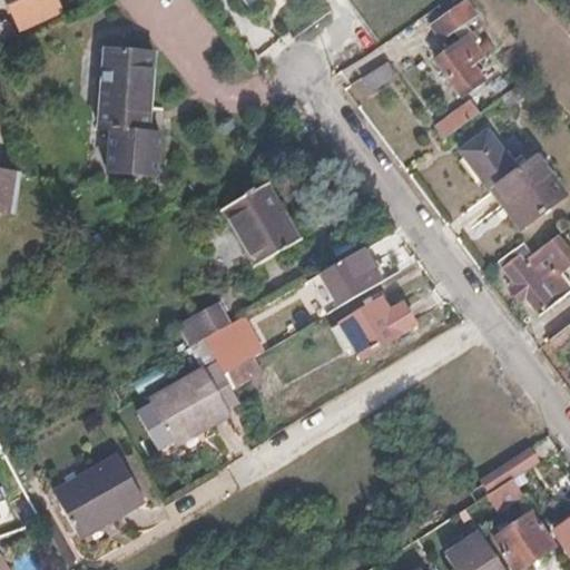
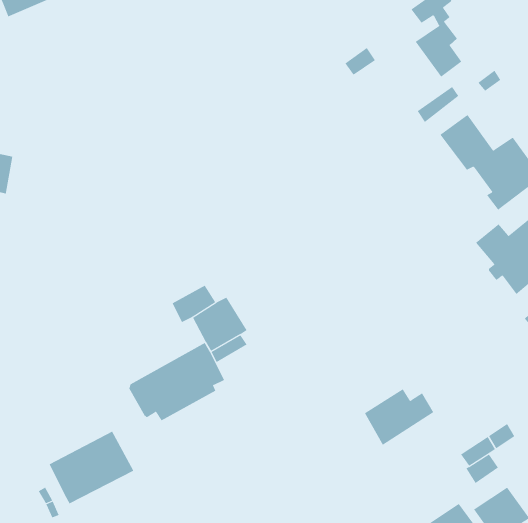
building: [100,50,160,176] -> none
building: [224,184,298,264] -> none
building: [308,247,382,313] -> none
building: [342,297,414,356] -> [364,388,434,446]

